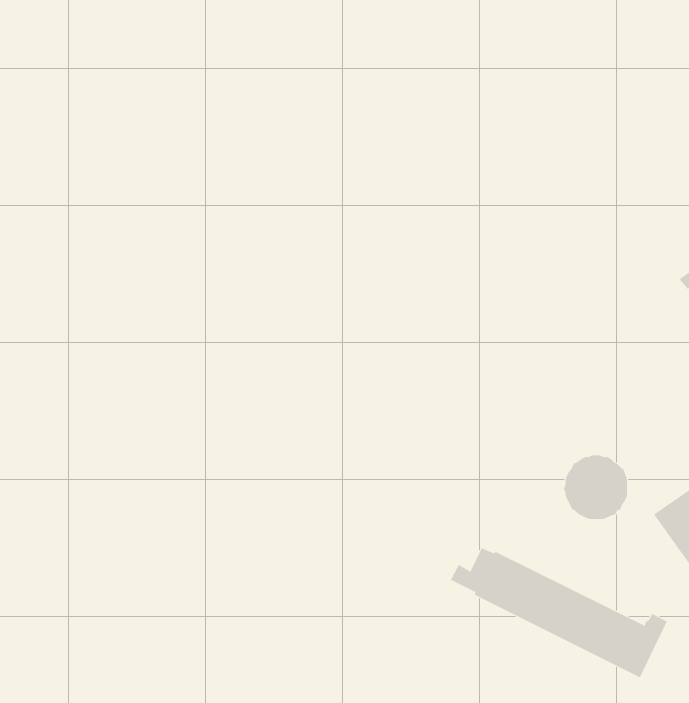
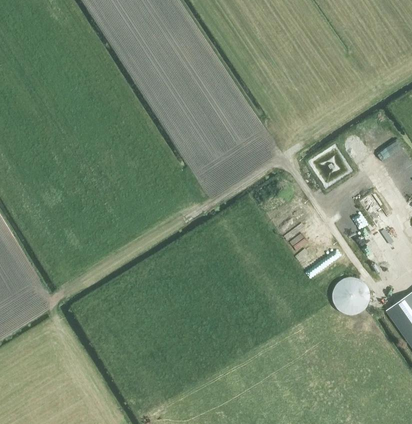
building: [450,548,668,678] -> none

